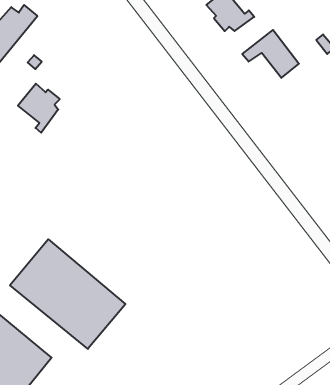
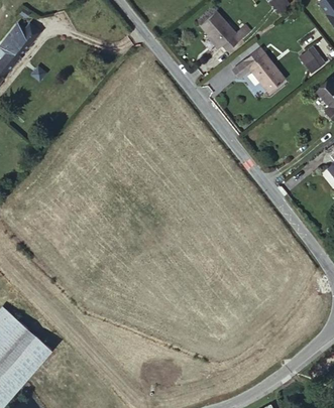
building: [18,84,60,133] -> none
building: [10,239,125,349] -> none

